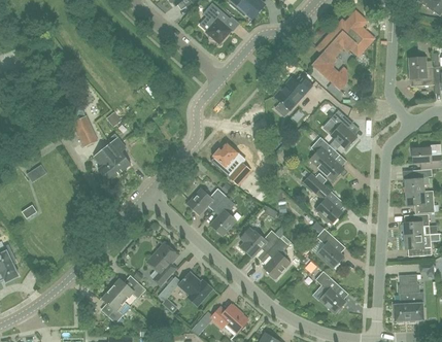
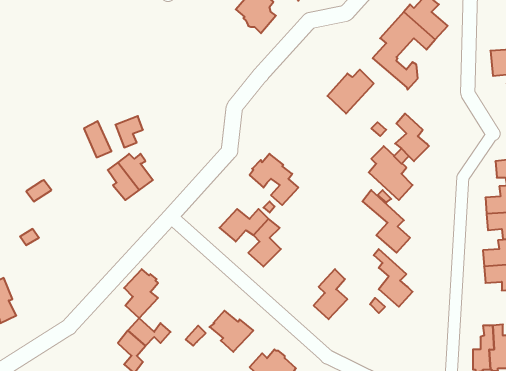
building: [239,228,280,258] -> none
building: [149,244,177,284] -> [124,269,158,318]
building: [315,270,346,313] -> none

